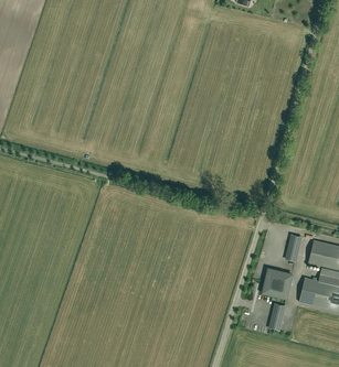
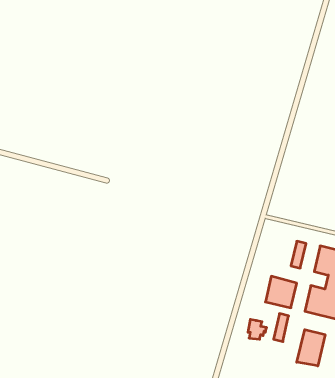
building: none -> [297,330,325,366]

